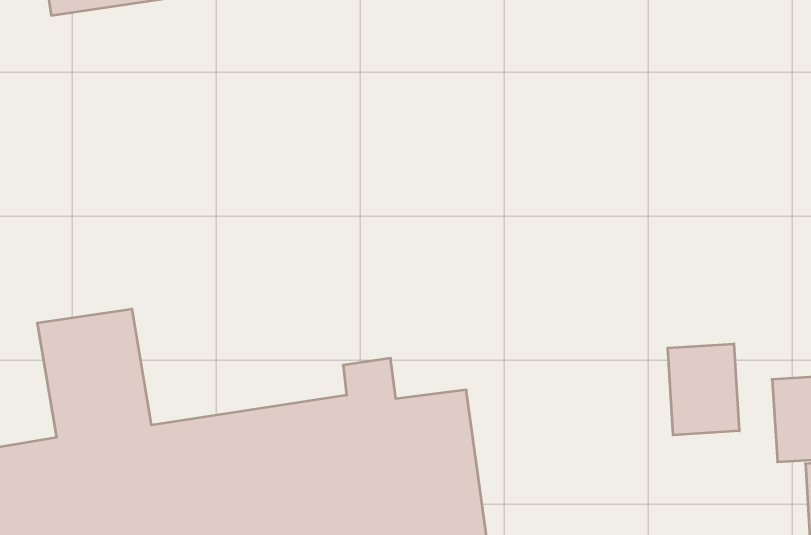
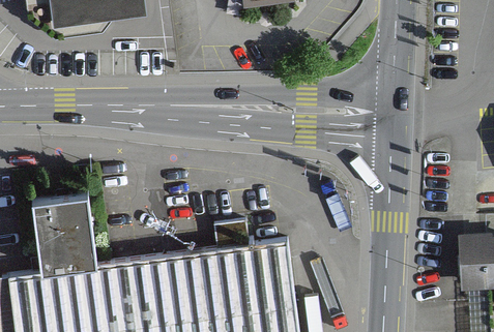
building: [668,344,739,435] -> none

